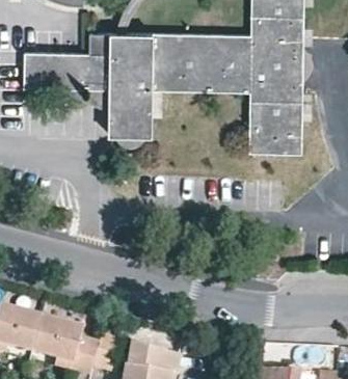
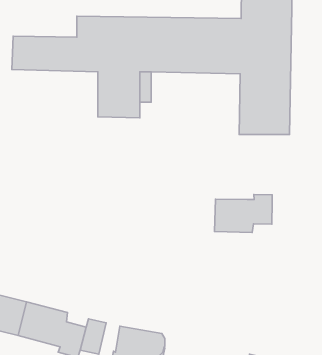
building: none -> [215,194,272,232]

